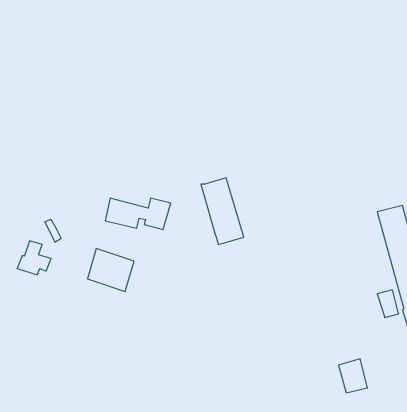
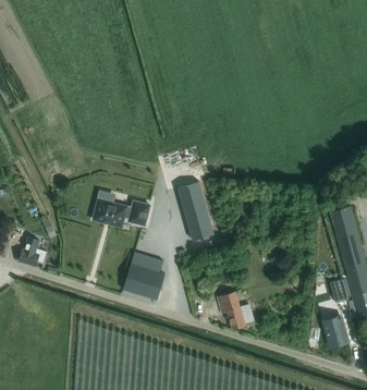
building: [87,249,134,291] -> [123,261,163,298]
building: none -> [217,292,254,327]
building: [339,359,368,393] -> [322,315,347,344]

